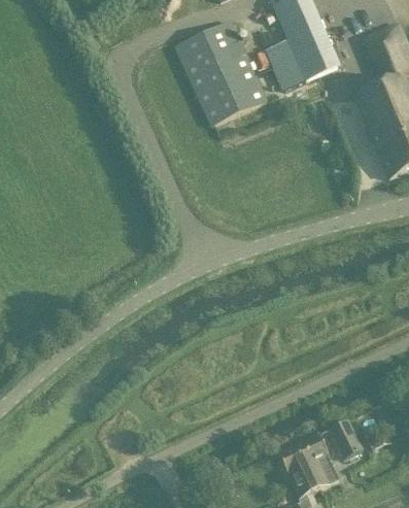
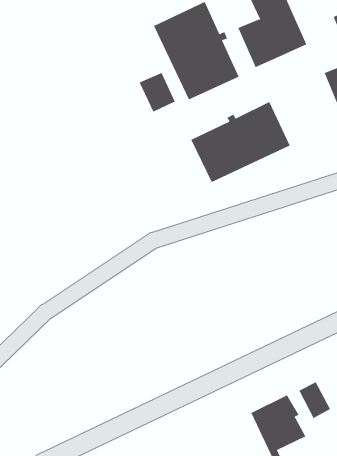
building: none -> [139,72,175,113]
building: none -> [191,101,291,183]

